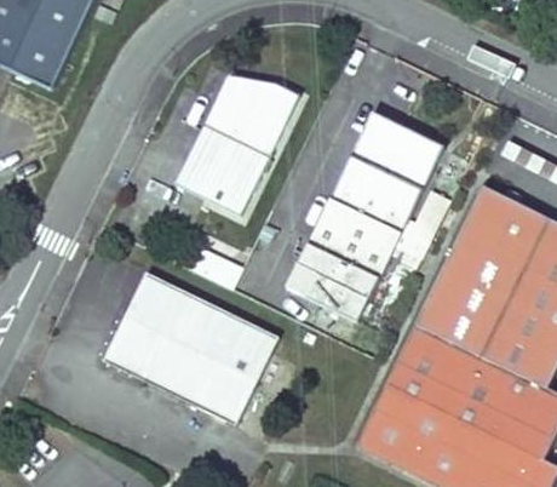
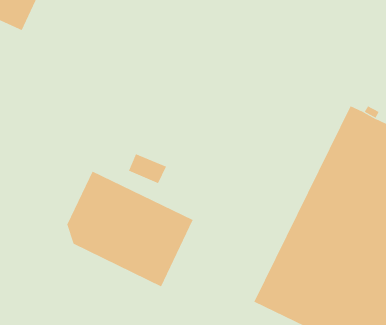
building: [174,76,299,214] -> none
building: [285,111,443,322] -> none

